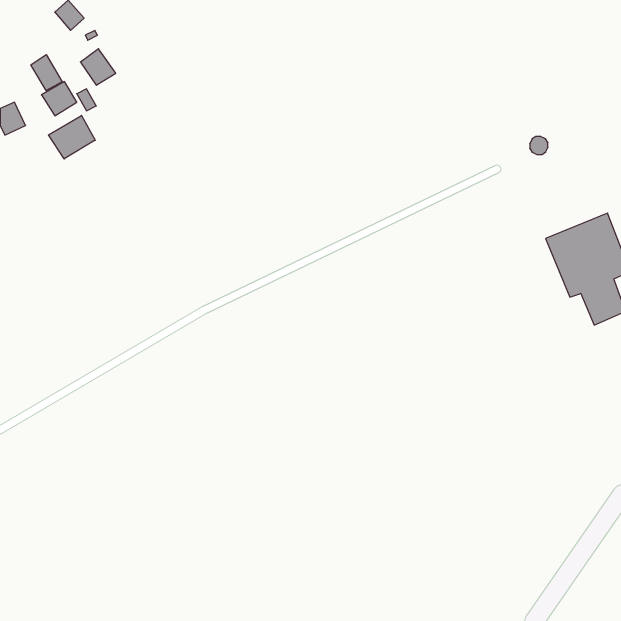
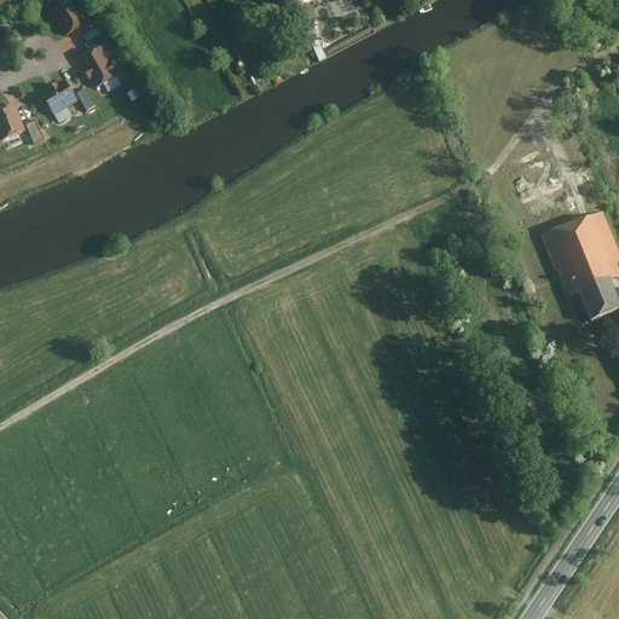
building: [31,55,62,91] -> none
building: [48,115,95,159] -> none

